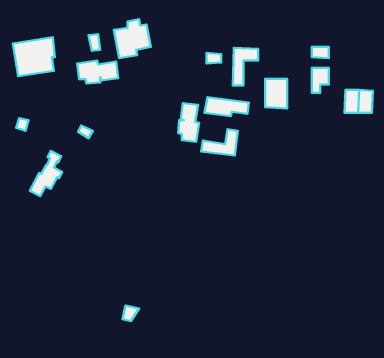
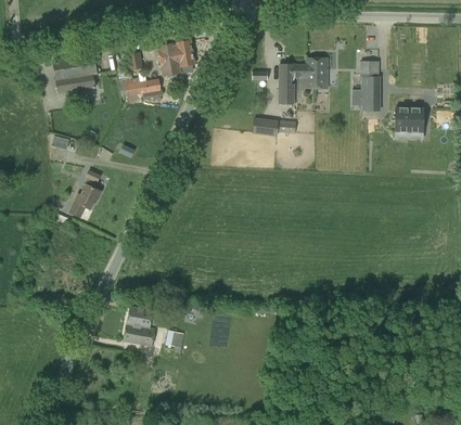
building: [265,79,287,108] -> [305,59,328,89]
building: [178,103,199,142] -> none
building: [201,129,238,156] -> none
building: none -> [124,307,155,347]

